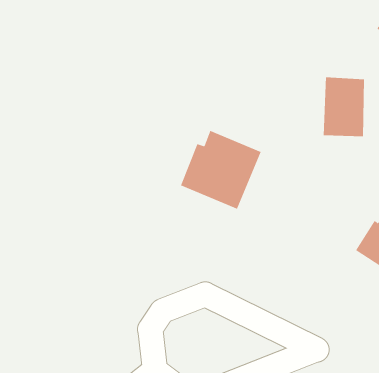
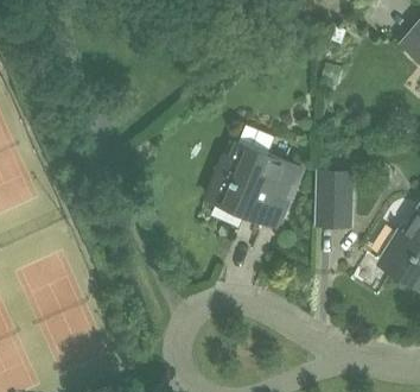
building: [323,77,365,137] -> [316,167,357,227]

